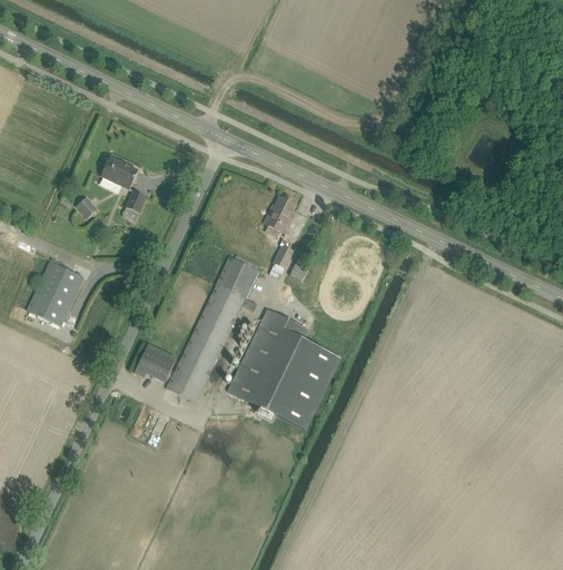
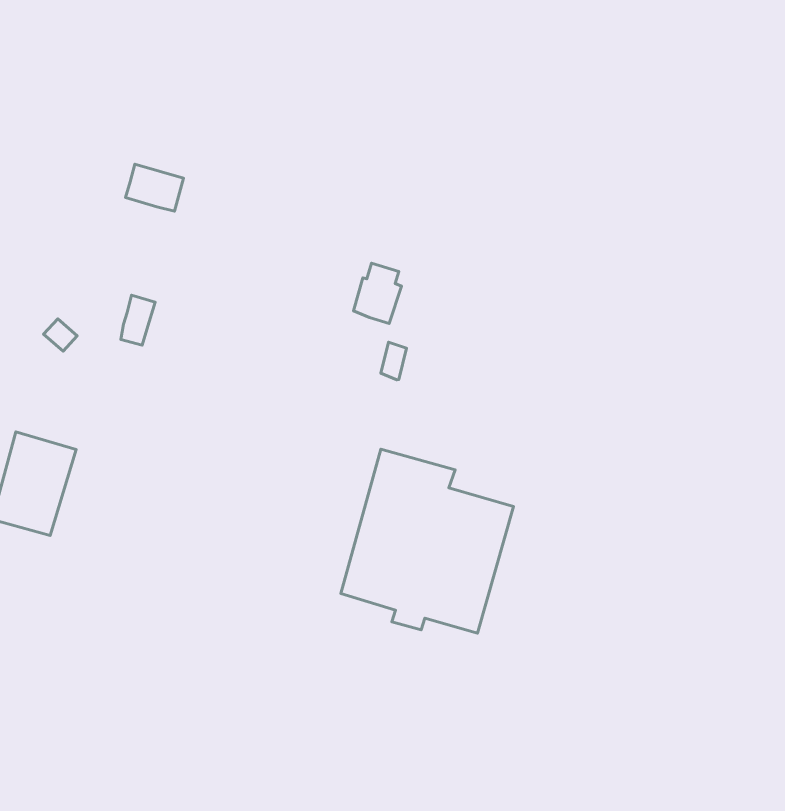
building: [100,157,137,189] -> [126,164,184,211]
building: [166,257,258,402] -> none
building: [132,343,175,382] -> none

